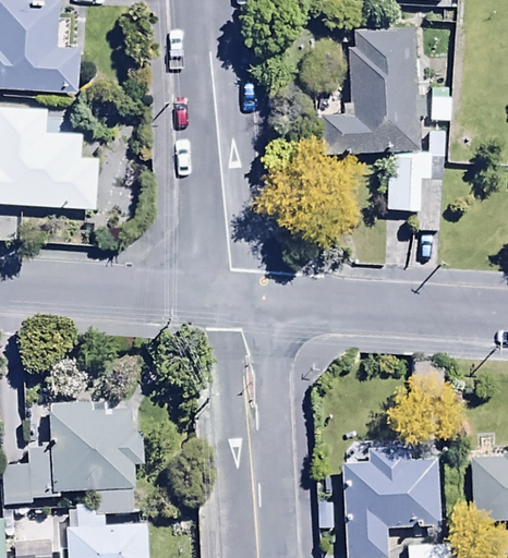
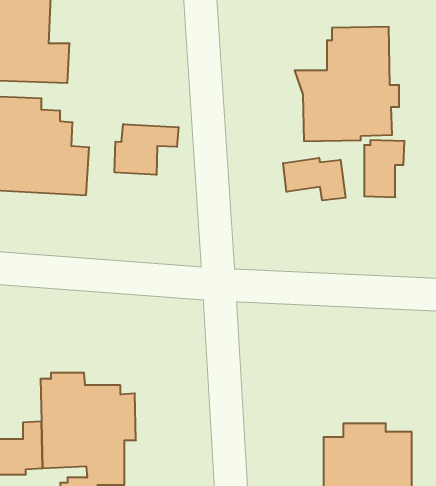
building: none -> [115,124,179,175]
building: none -> [283,158,346,200]

